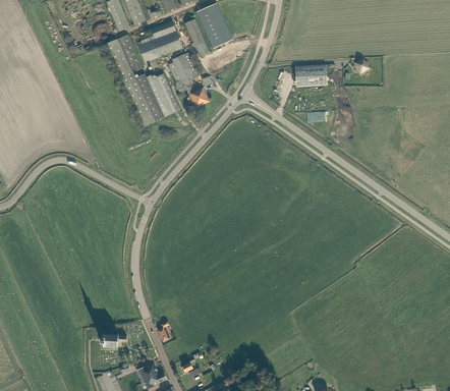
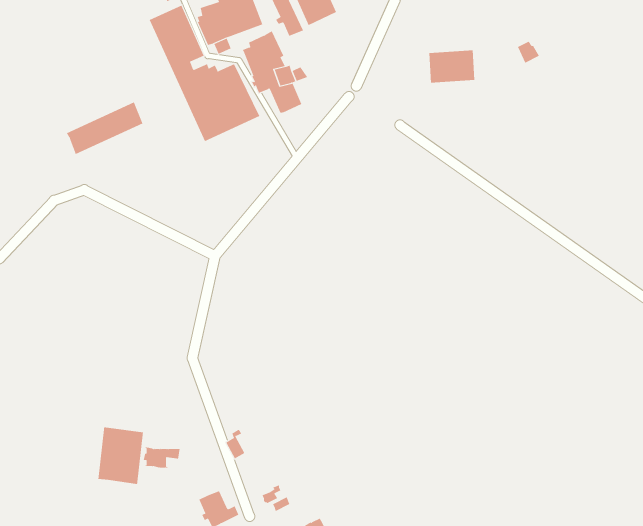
building: none -> [66,102,143,155]
building: none -> [98,427,143,485]

